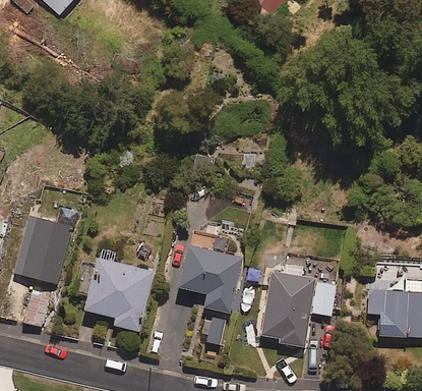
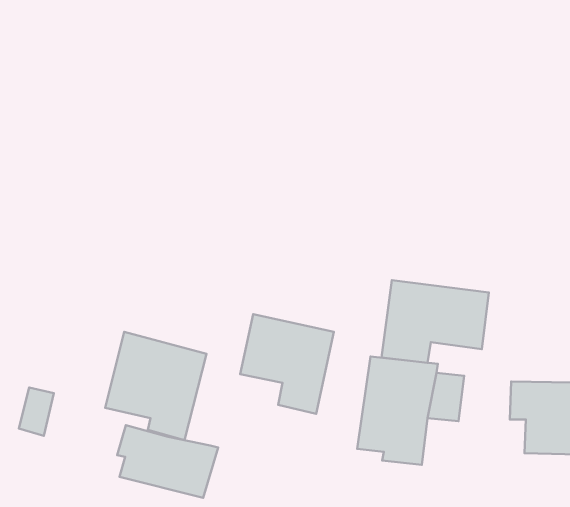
building: [22,217,73,283] -> none
building: none -> [382,280,489,363]
building: none -> [117,425,218,498]

